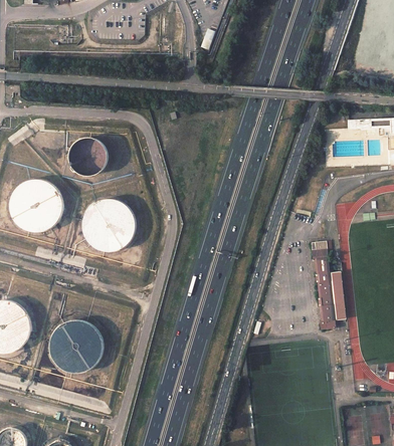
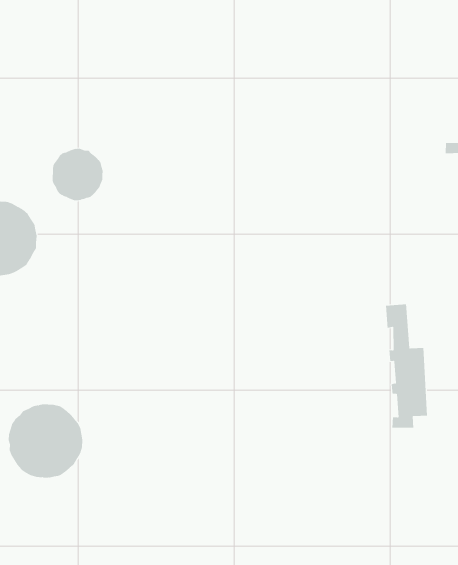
building: [81,198,136,252] -> none

